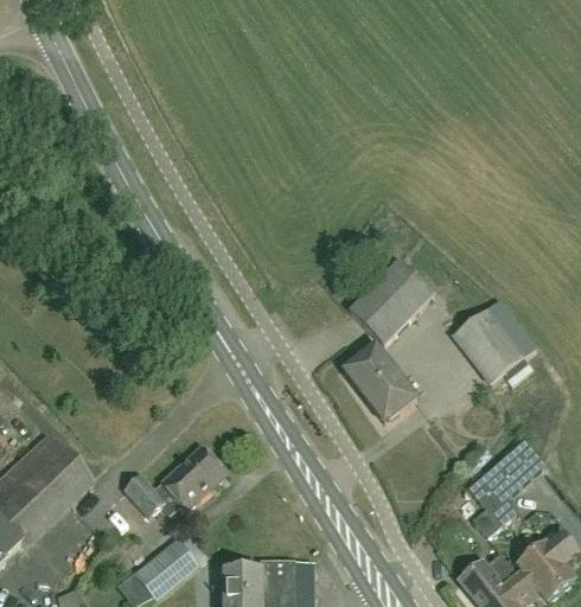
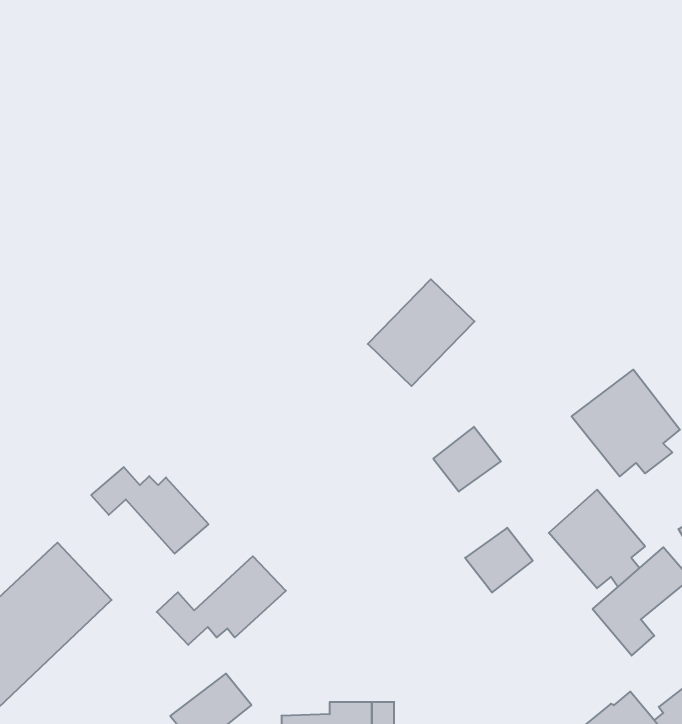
building: [349,261,433,345] -> [368,279,475,386]
building: [363,371,416,422] -> [465,528,533,592]
building: none -> [91,467,208,554]
building: none -> [549,490,645,588]

